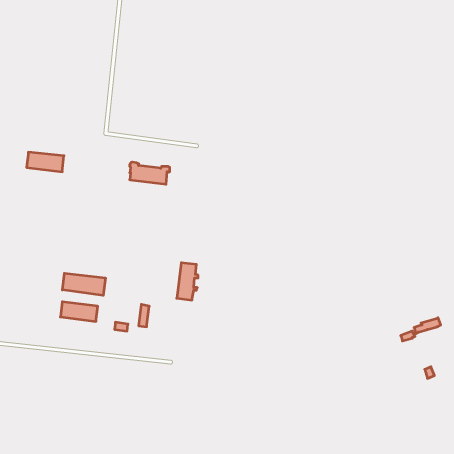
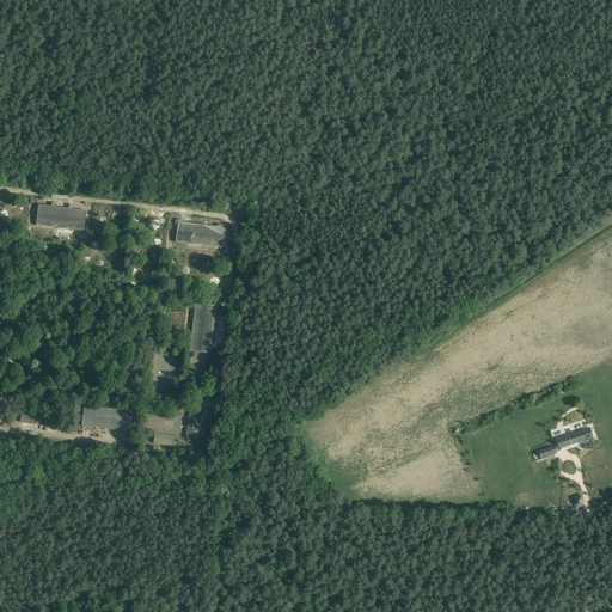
building: [177,263,198,300] -> [189,302,218,353]
building: [62,273,105,295] -> none

